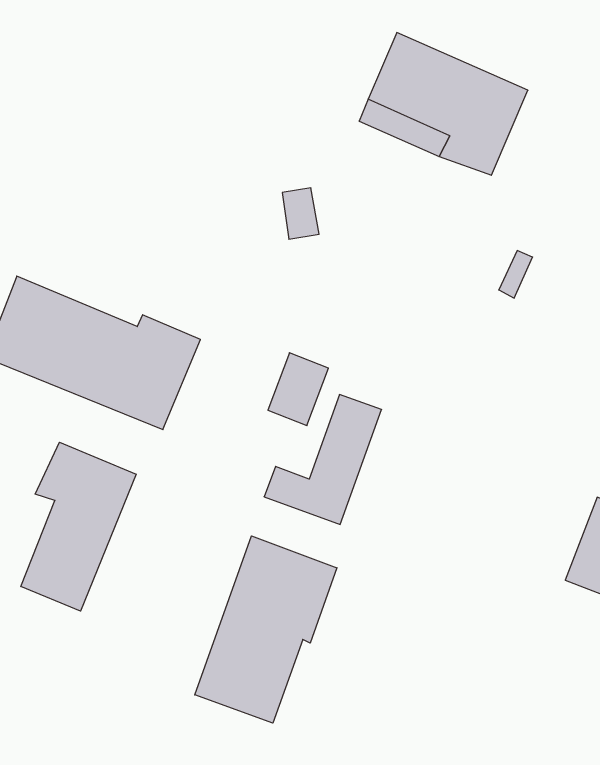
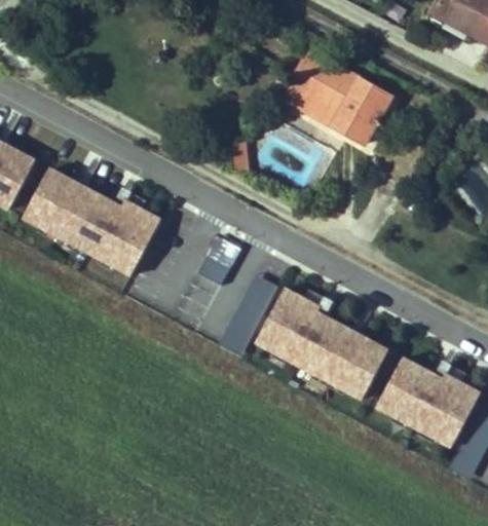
building: none -> [256,289,389,399]
building: [21,442,136,611] -> none
building: [195,536,337,723] -> none

